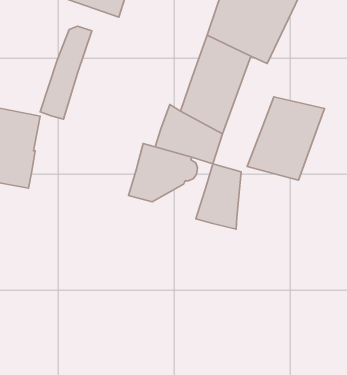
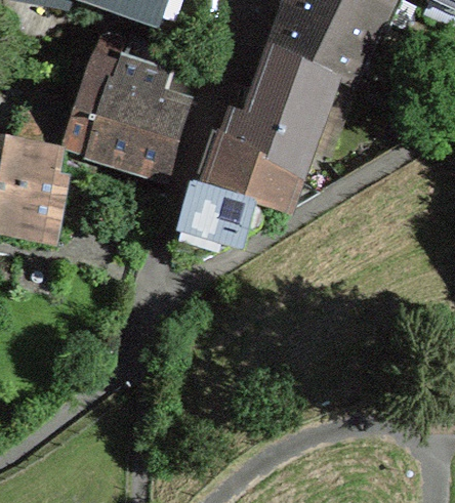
building: none -> [92,35,187,178]
building: [247,97,325,180] -> none
building: [196,164,241,229] -> none

